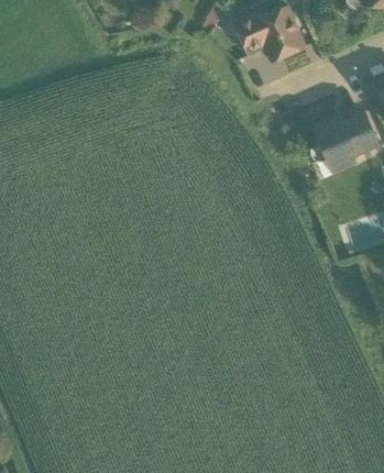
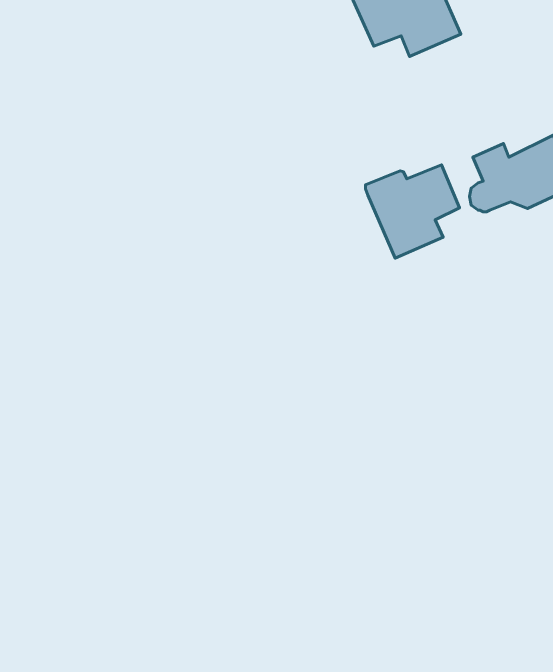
building: none -> [366,165,460,258]

